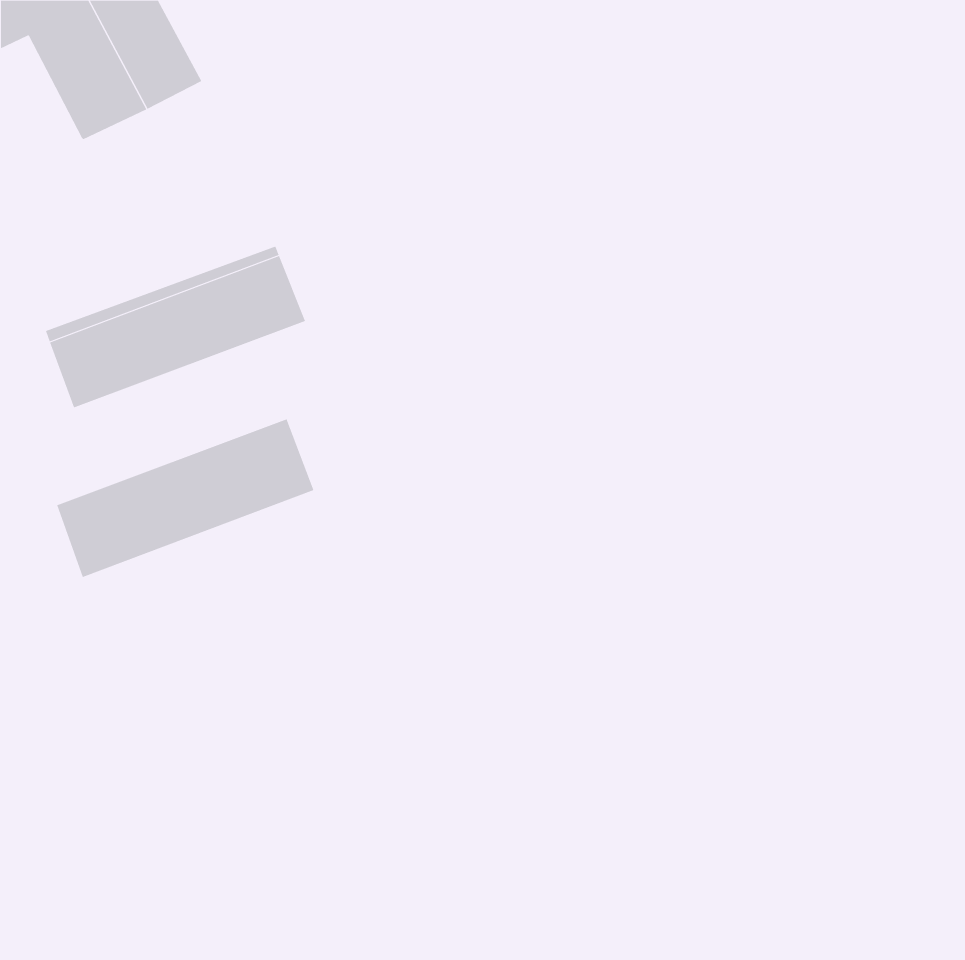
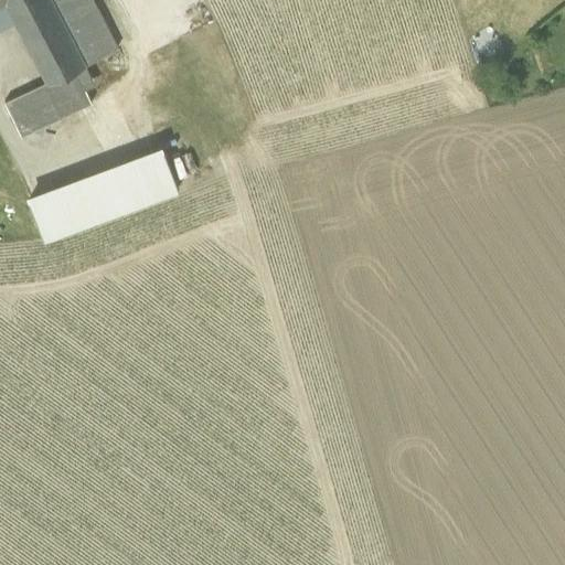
building: none -> [6,67,95,139]
building: [57,419,314,578] -> none

